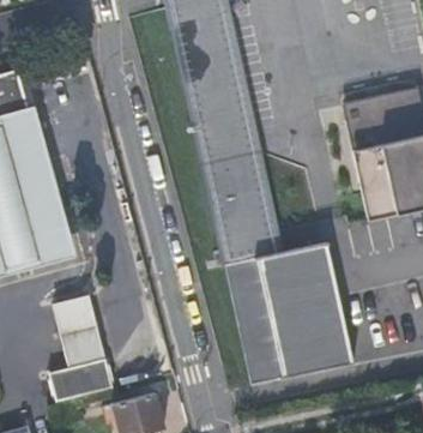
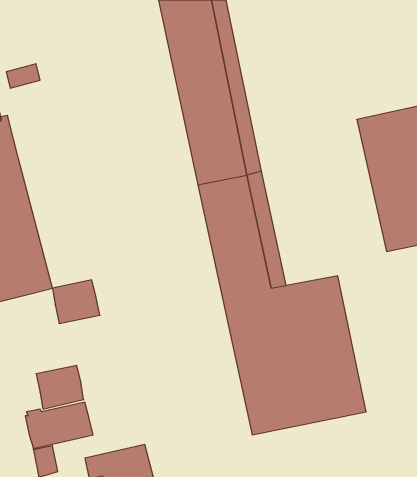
building: [54,293,96,331] -> [52,280,100,323]

